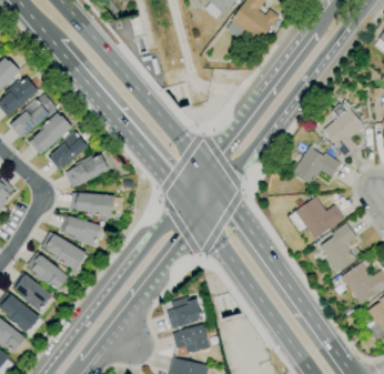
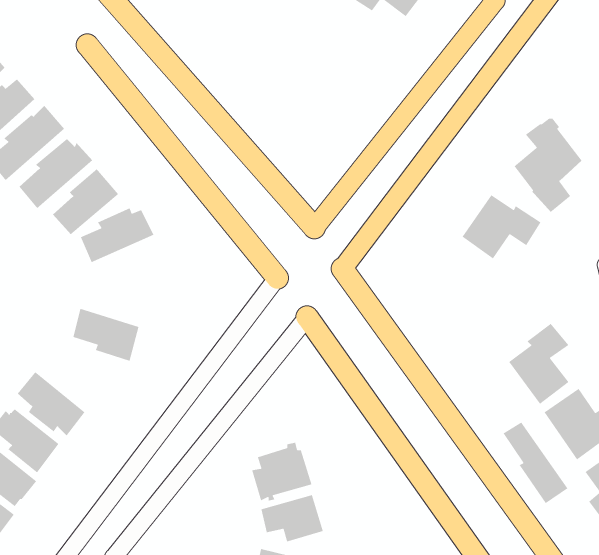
building: [70,193,122,216] -> none
building: [287,196,343,239] -> none
building: [40,231,85,270] -> none
building: none -> [503,421,568,504]

